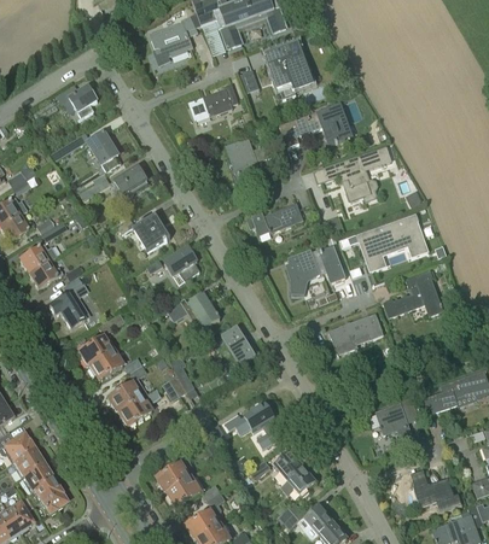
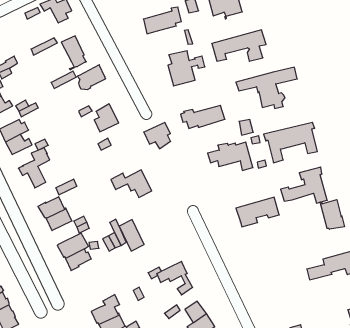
building: [164,247,199,281] -> [144,122,171,149]
building: none -> [320,200,344,229]
building: [222,326,256,365] -> [119,220,144,251]
building: [377,397,415,437] -> none

